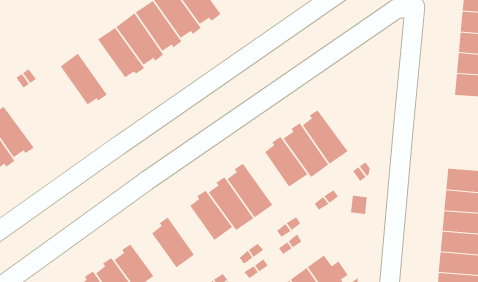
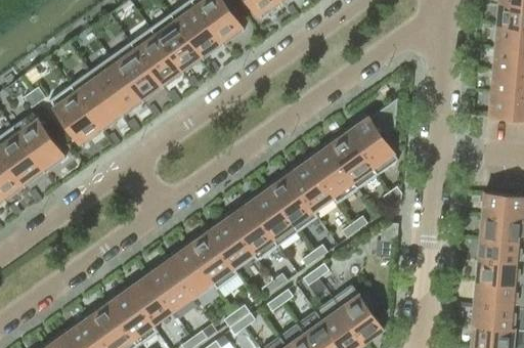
building: none -> [90,56,143,117]
building: none -> [49,85,103,146]
building: none -> [344,98,398,175]
building: none -> [11,113,66,173]
building: none -> [264,171,317,232]
building: none -> [184,228,237,290]
building: none -> [144,257,194,308]

